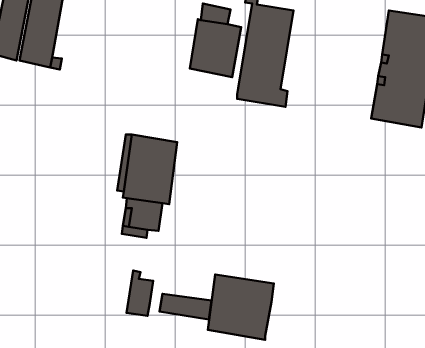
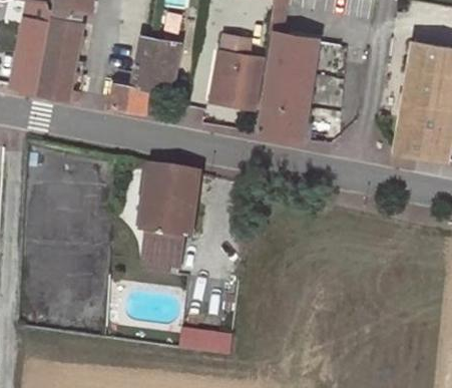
building: none -> [112,36,180,113]
building: [126,270,153,316] -> none
building: [208,274,274,340] -> none

